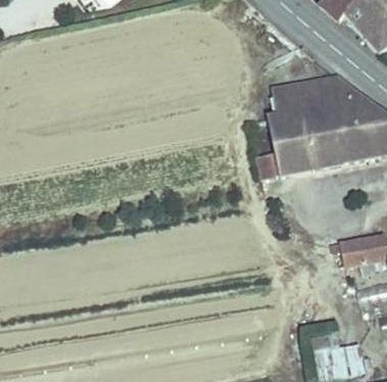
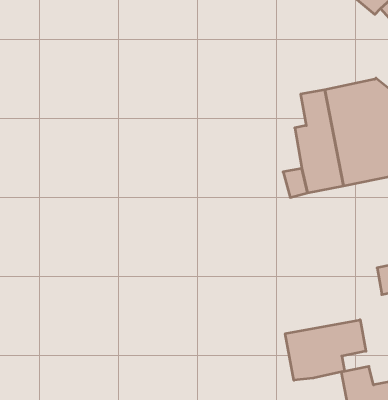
building: none -> [285,320,366,380]

